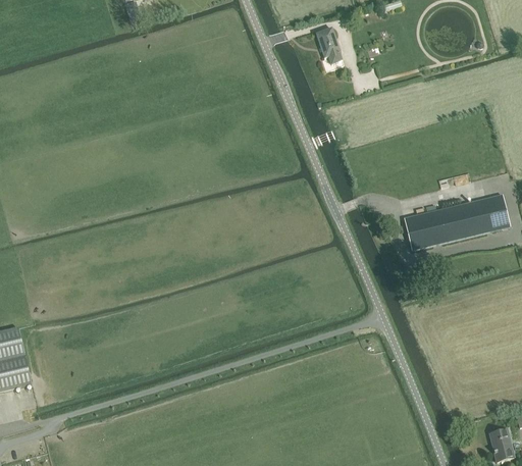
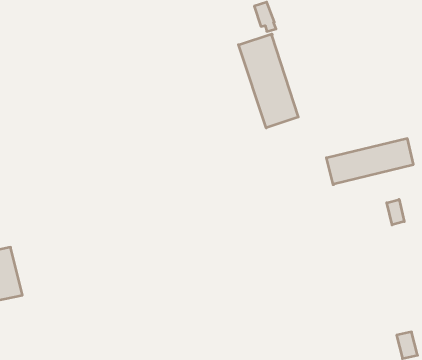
building: none -> [238,34,298,128]
building: none -> [387,199,404,225]

